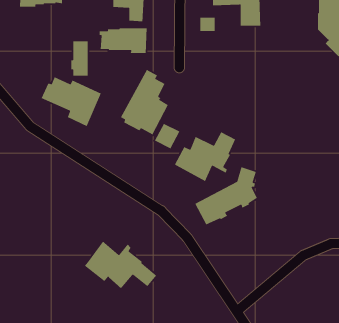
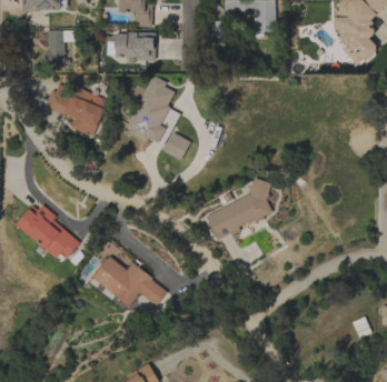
building: [70,40,88,76] -> [44,30,63,68]
building: [174,131,236,182] -> none
building: none -> [16,204,79,259]

